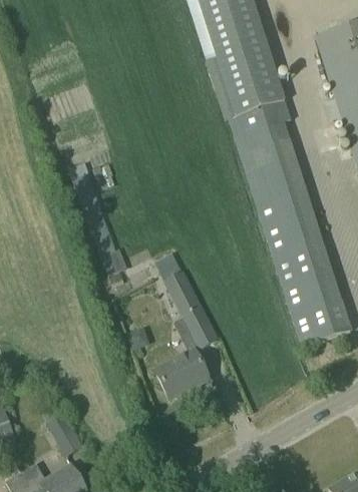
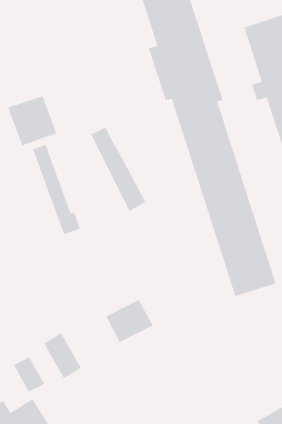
building: none -> [7,95,57,146]
building: [152,251,218,349] -> [90,126,147,212]
building: none -> [43,332,82,379]

